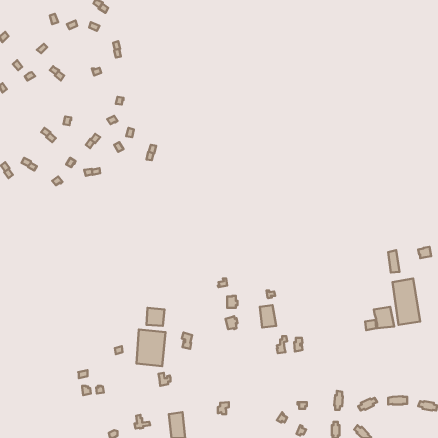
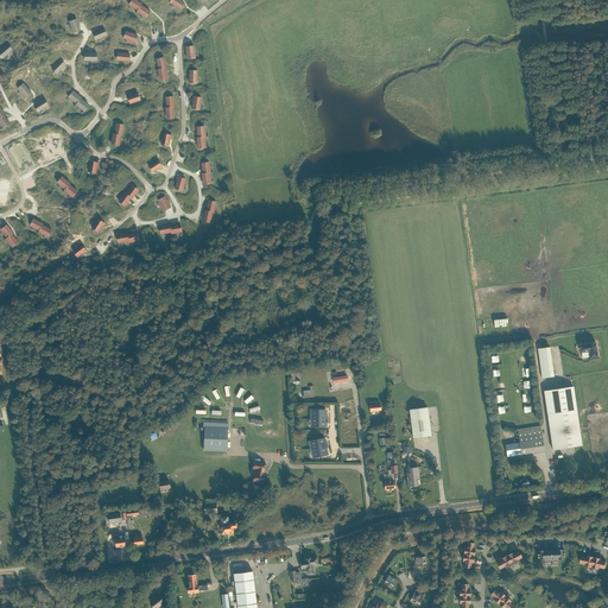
building: [260,305,276,327] -> [410,407,432,438]
building: [137,330,165,366] -> none

